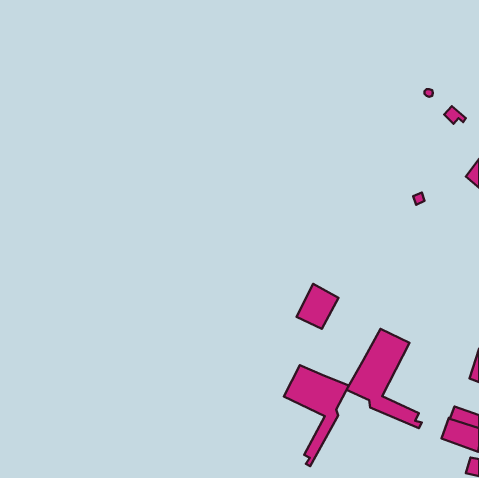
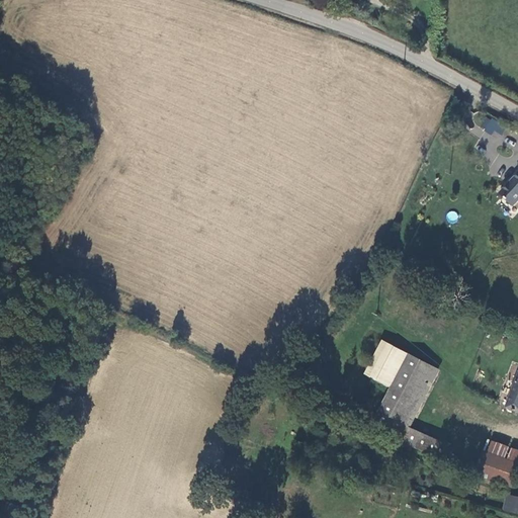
building: [296,284,339,329] -> [364,339,410,387]
building: [284,365,349,466] -> none

